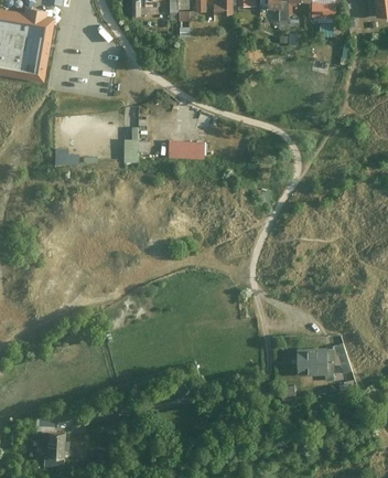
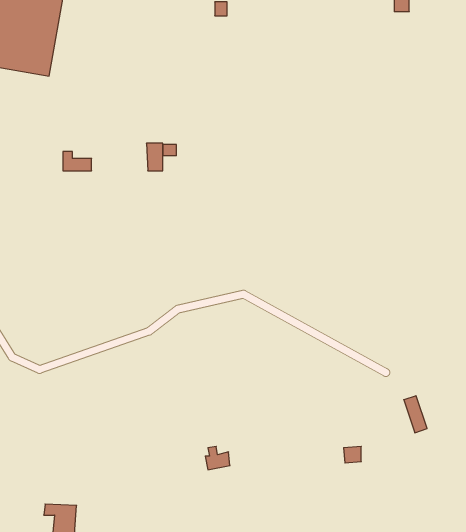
building: [168,142,204,160] -> none
building: [295,350,328,375] -> none

